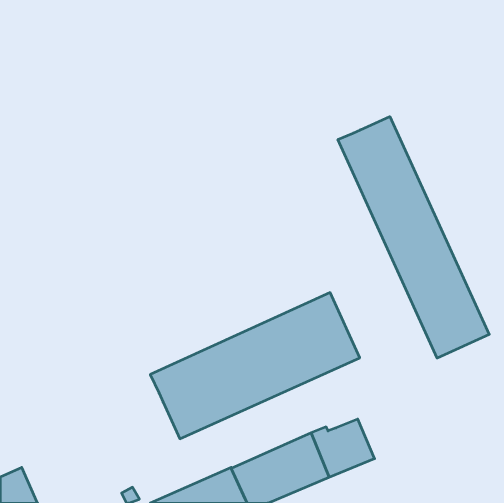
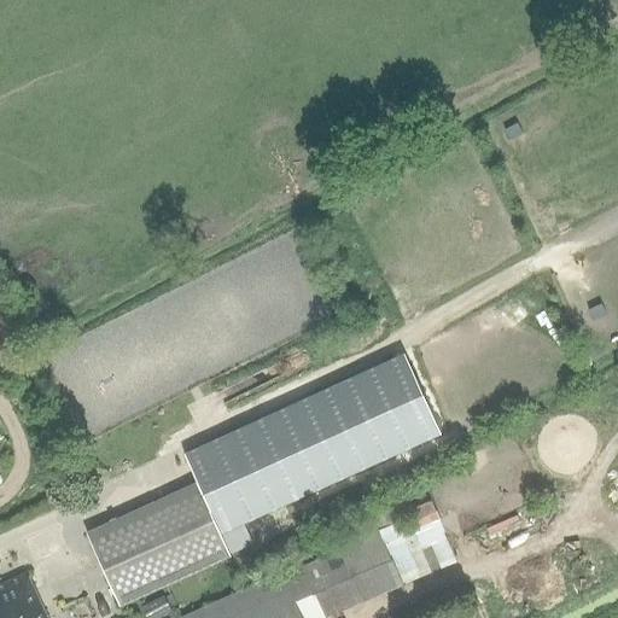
building: [338,117,489,358] -> none
building: none -> [83,480,228,605]

